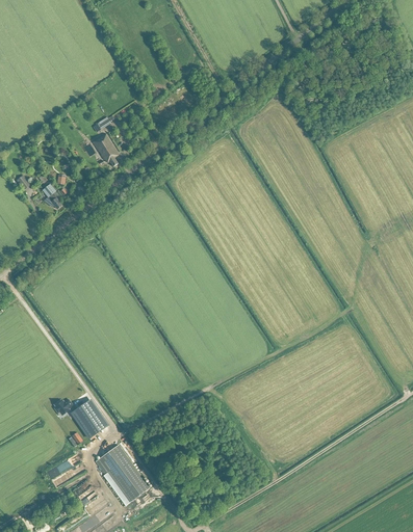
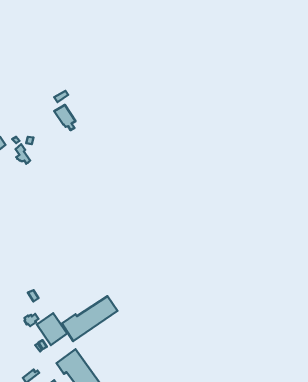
building: none -> [62,296,118,341]

